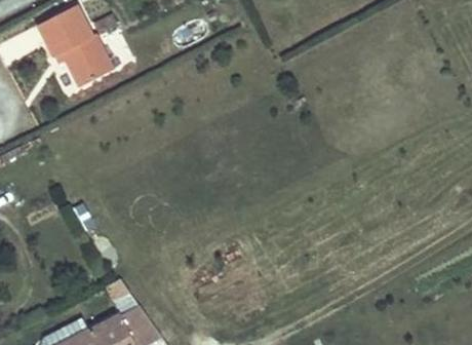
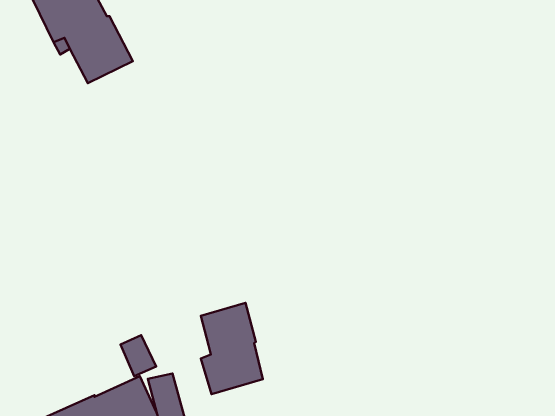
building: none -> [201,303,263,394]

